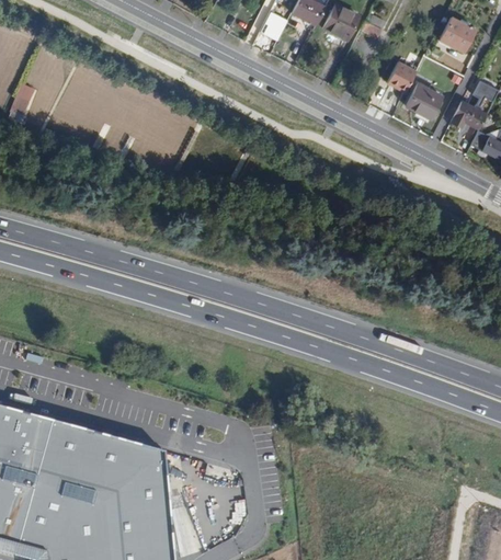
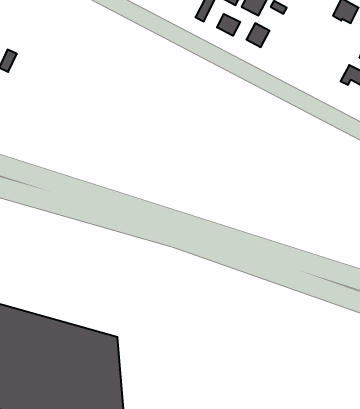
building: none -> [217,14,240,36]
building: [386,62,415,93] -> [246,23,270,47]
building: [407,83,441,117] -> none

